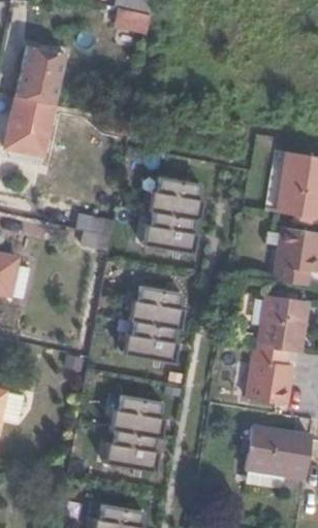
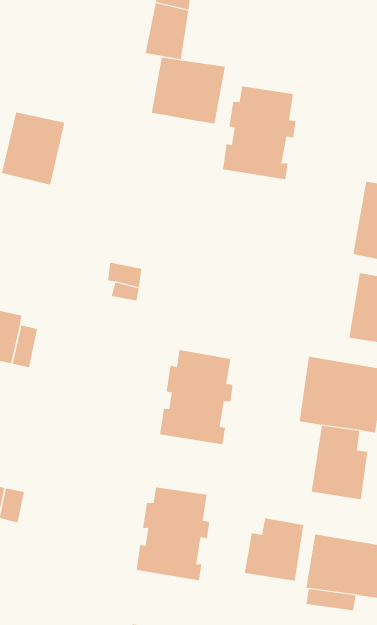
building: [13,45,64,105] -> none
building: none -> [151,57,225,124]
building: [146,177,204,252] -> [222,86,296,180]
building: none -> [244,518,304,581]

